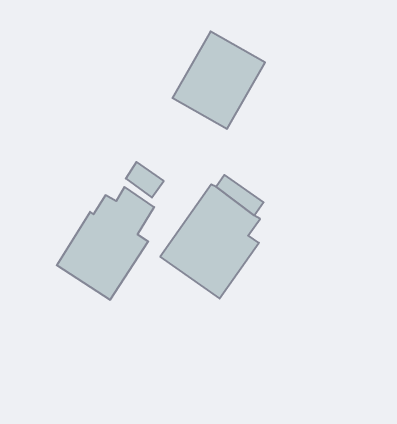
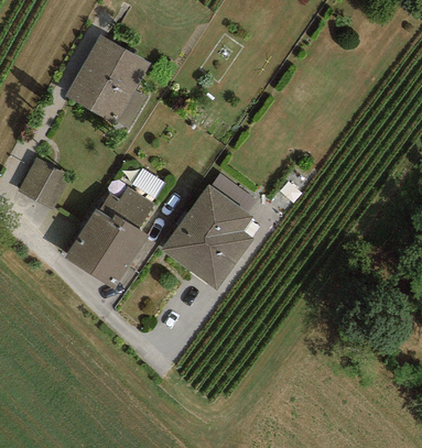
building: [172,31,265,129] -> [65,33,151,123]
building: none -> [19,157,72,210]

